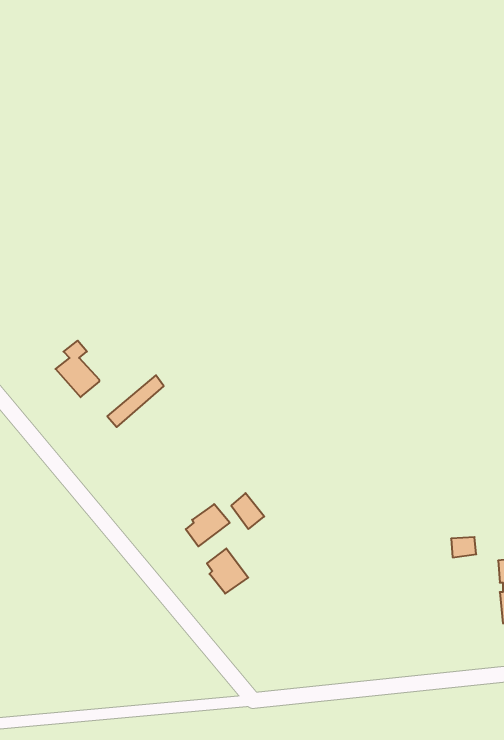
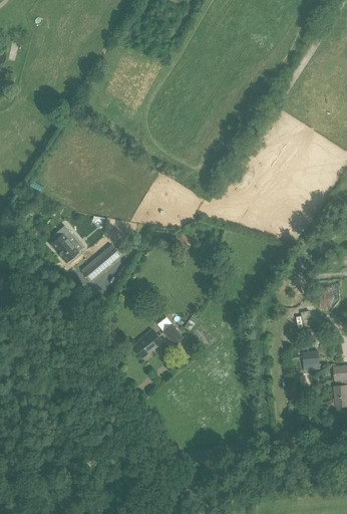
building: [207,548,248,594] -> none

